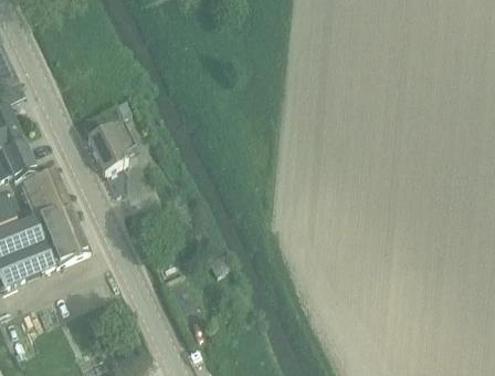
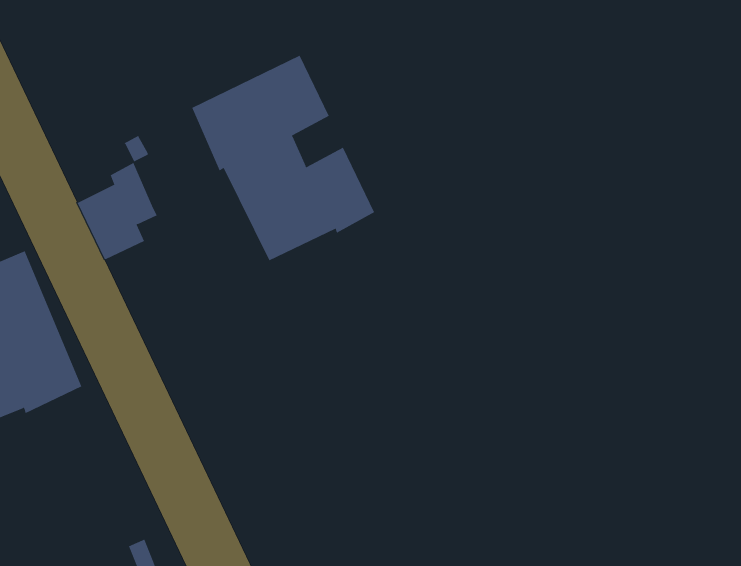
building: none -> [192,55,375,261]

